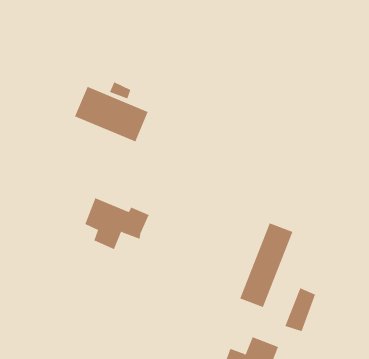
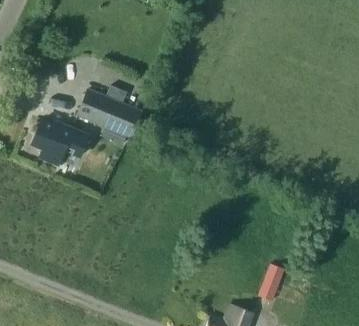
building: [84,197,149,250] -> [32,120,88,165]
building: [239,223,293,308] -> none

